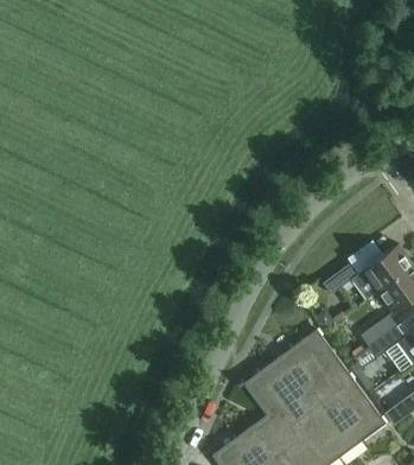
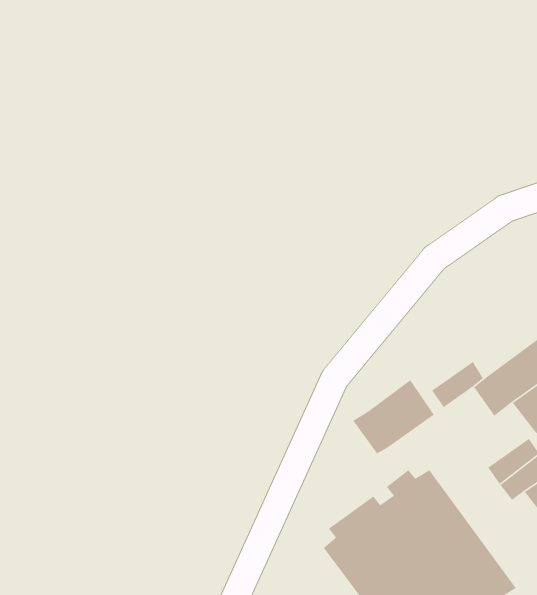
building: none -> [352,379,435,455]

